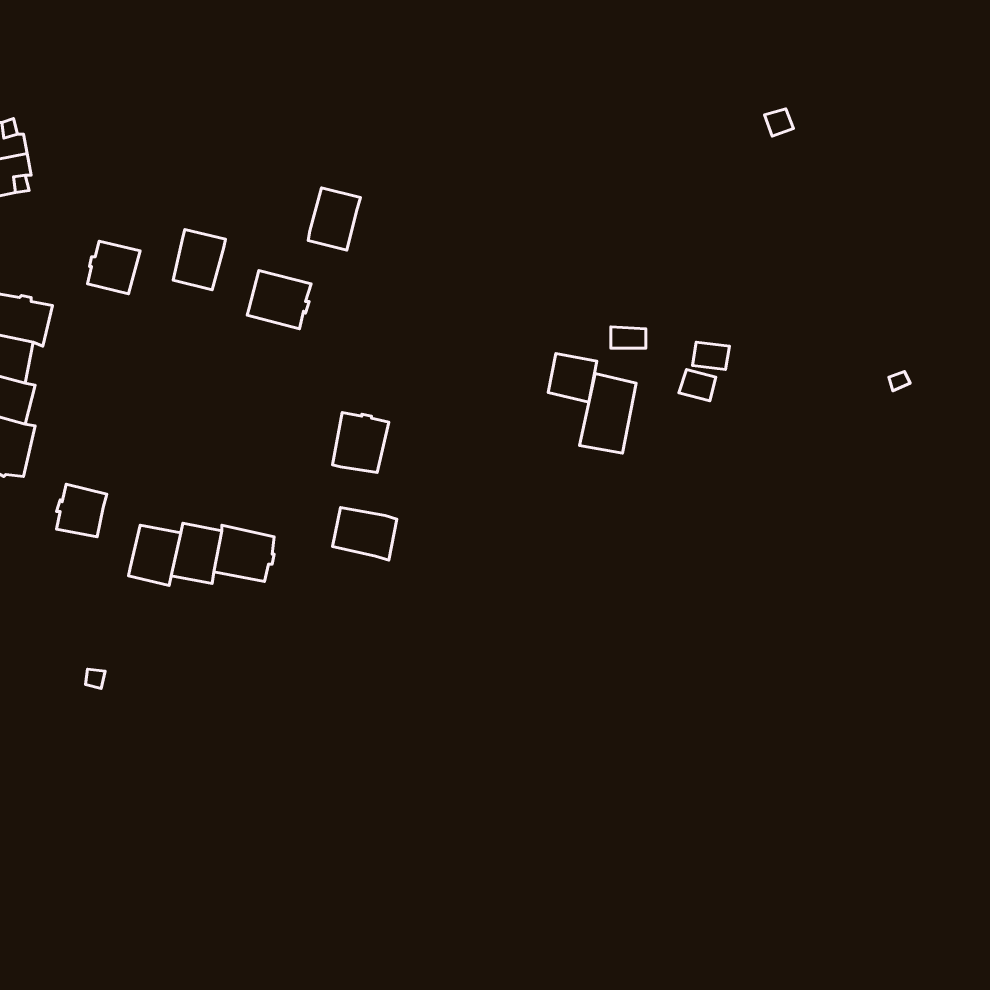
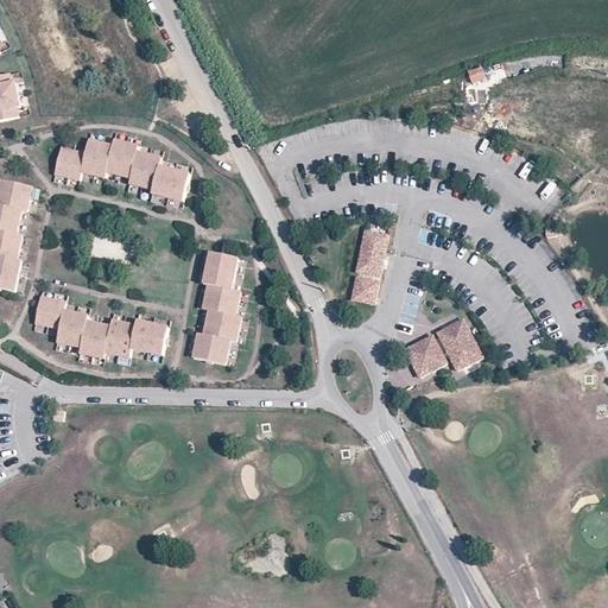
building: [308,188,361,250] -> [128,151,160,189]
building: none -> [81,140,112,177]
building: [548,354,597,402] -> [349,276,379,305]
building: none -> [203,285,240,315]
building: none -> [56,310,88,347]
building: none -> [437,319,482,369]
building: none -> [192,332,229,363]
building: none -> [407,335,446,376]

